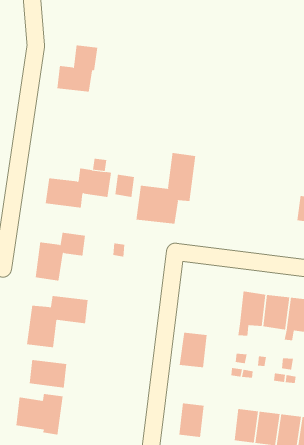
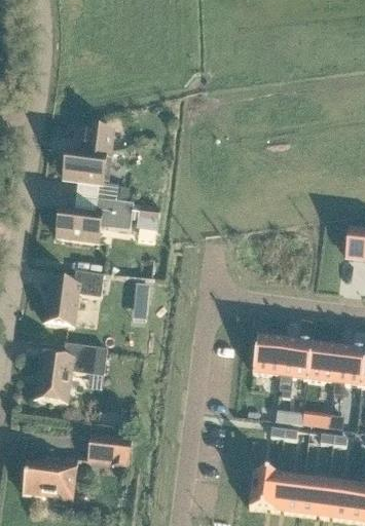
building: [56,45,98,92] -> [63,126,111,181]
building: [136,152,196,224] -> none
building: [179,332,207,368] -> [251,334,284,375]
building: [29,360,67,388] -> [86,431,131,464]
building: [179,403,204,438] -> [248,469,278,510]

